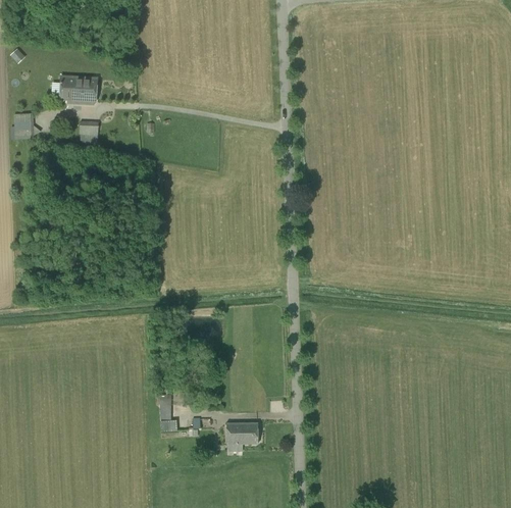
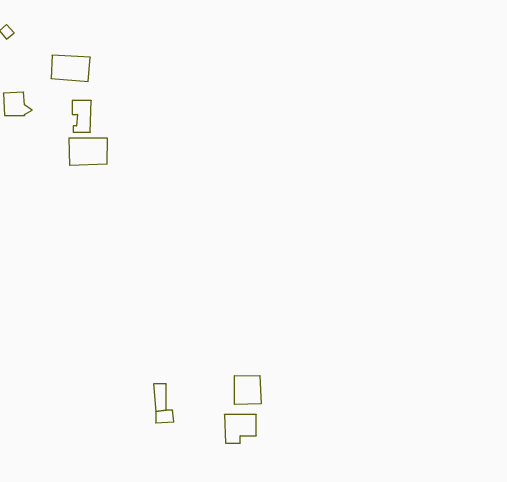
building: none -> [69,138,107,165]
building: none -> [235,376,261,404]

